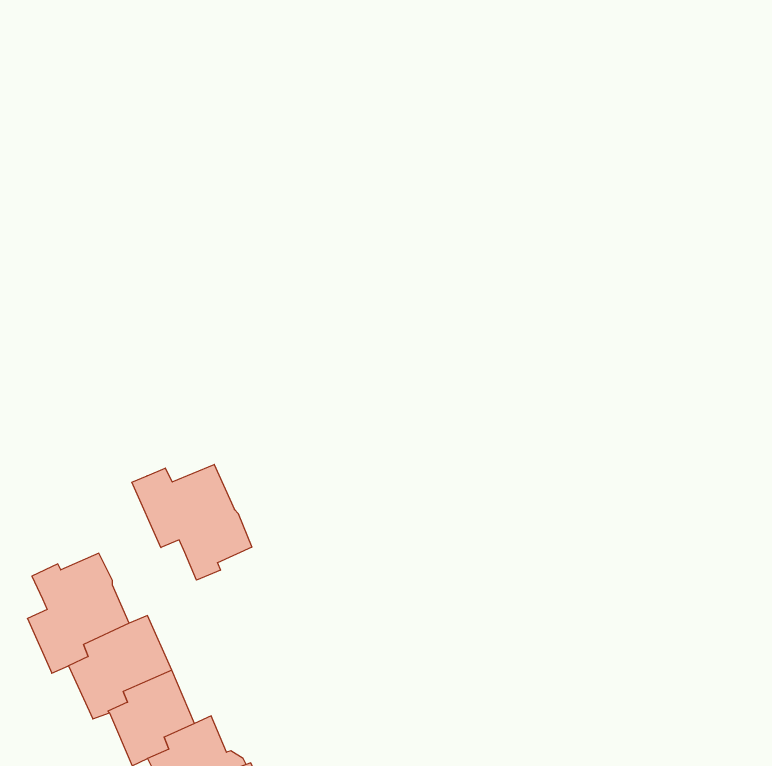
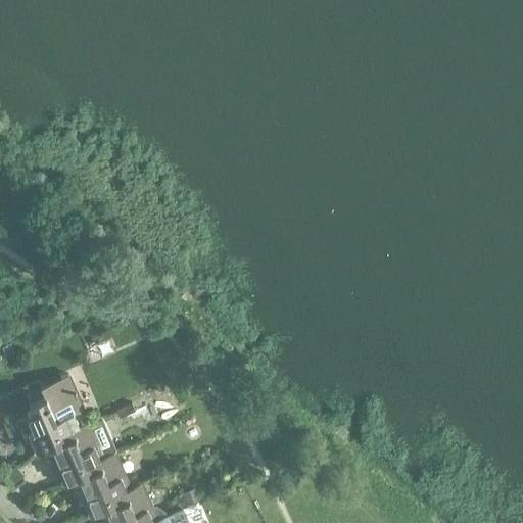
building: [132,464,252,580] -> none

